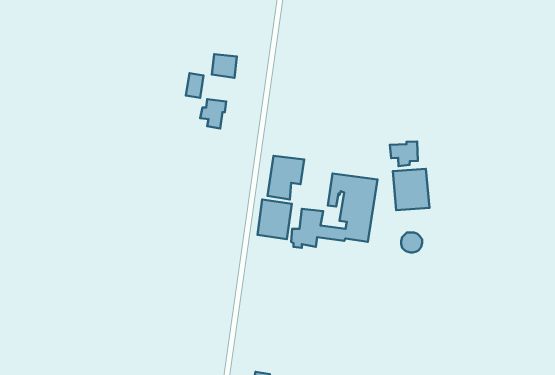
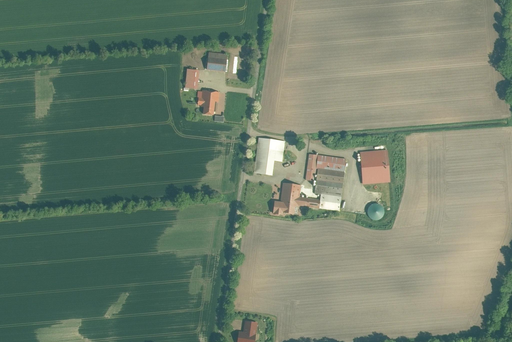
building: [390,141,418,166] -> none
building: [258,199,292,239] -> none

